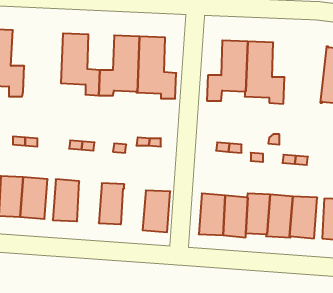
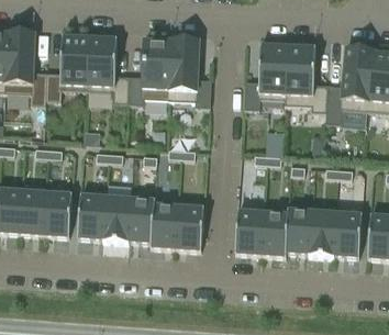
building: none -> [46,35,89,100]
building: none -> [325,48,373,124]
building: none -> [102,196,131,242]
building: none -> [151,203,178,248]

